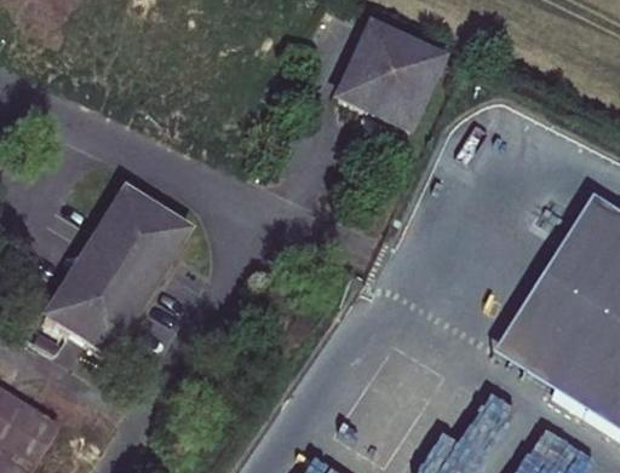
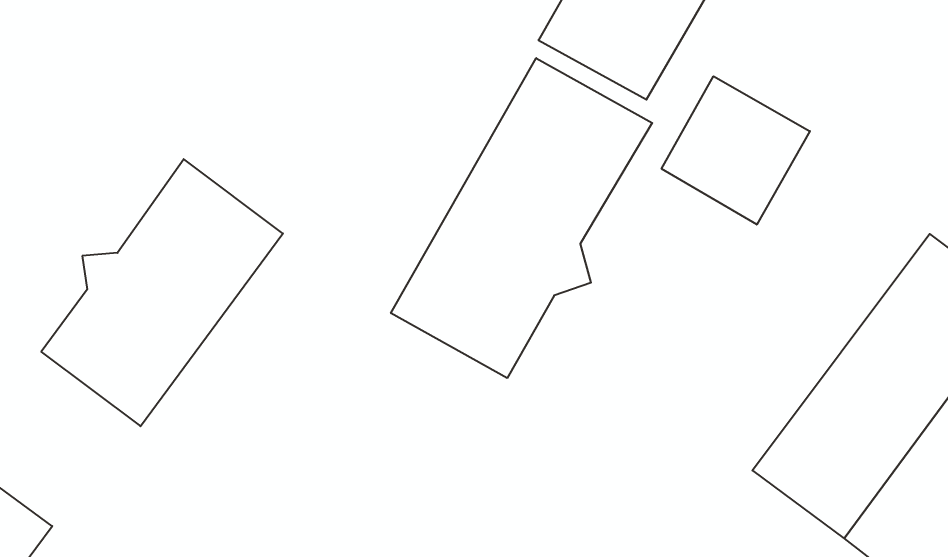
building: none -> [391,58,652,378]
building: none -> [662,76,810,225]

